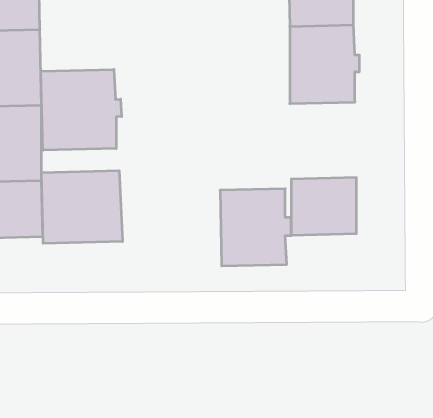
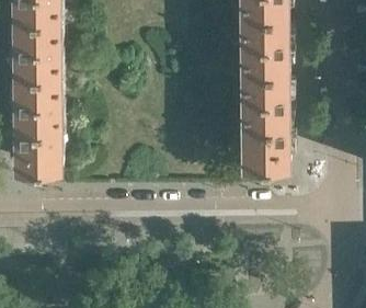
building: [41,69,122,150] -> none
building: [42,171,122,243] -> none
building: [220,189,291,266] -> [241,75,293,130]

